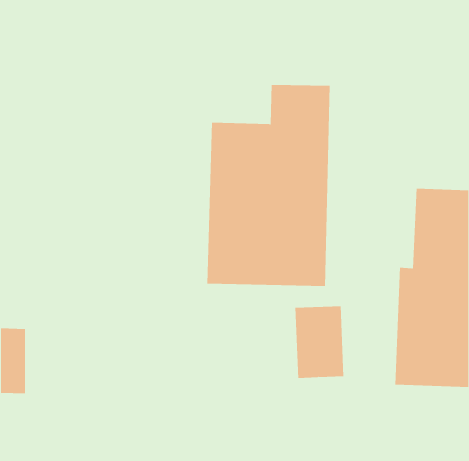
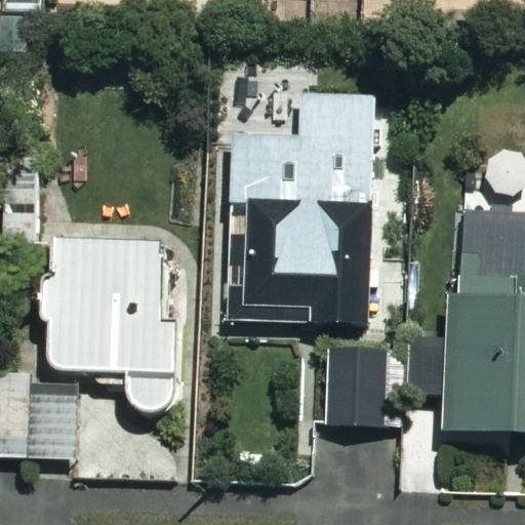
building: none -> [44,239,185,411]

